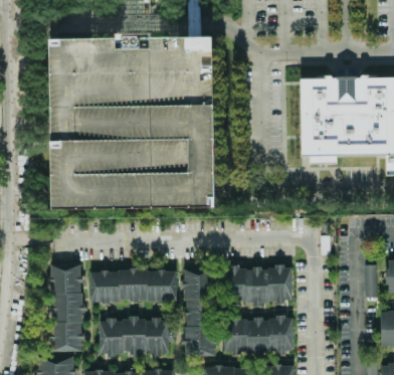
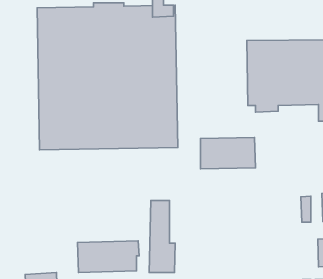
building: [50,264,82,351] -> none
building: [226,266,291,304] -> [201,138,255,169]
building: [89,269,176,302] -> none
building: [223,317,292,355] -> none

